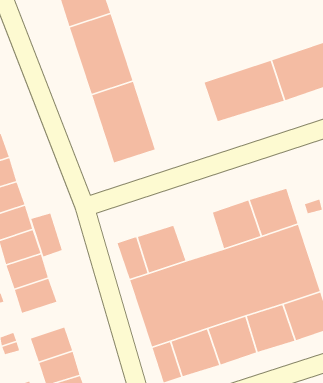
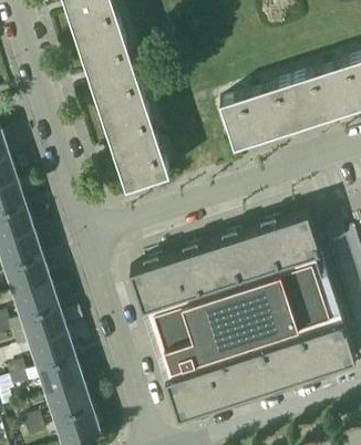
building: none -> [188,240,240,291]
building: [30,213,63,257] -> none
building: none -> [29,334,74,372]

